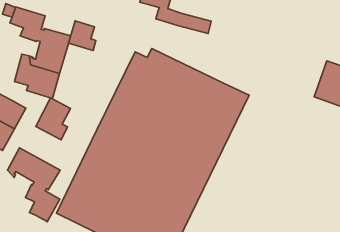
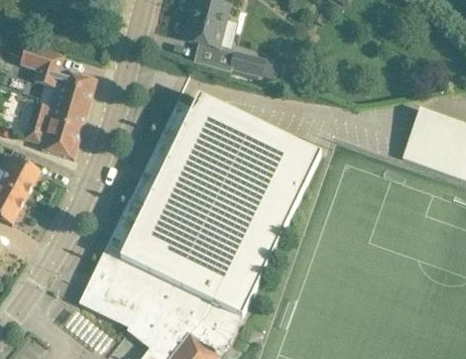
building: [69,21,96,51] -> none
building: [36,98,70,140] -> none
building: [8,148,60,222] -> none

